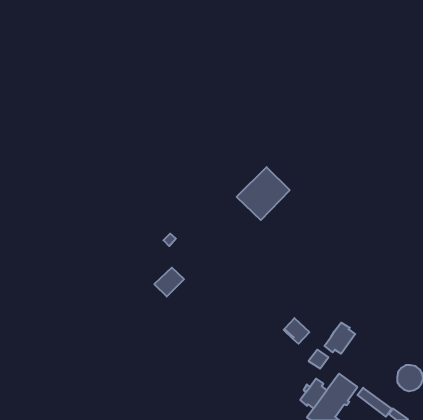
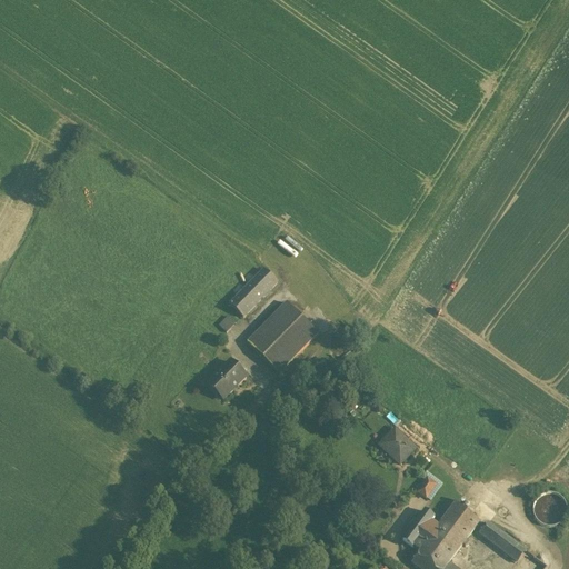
building: [237,167,290,220] -> [247,300,318,371]
building: none -> [230,267,277,315]
building: [324,323,355,354] -> none

